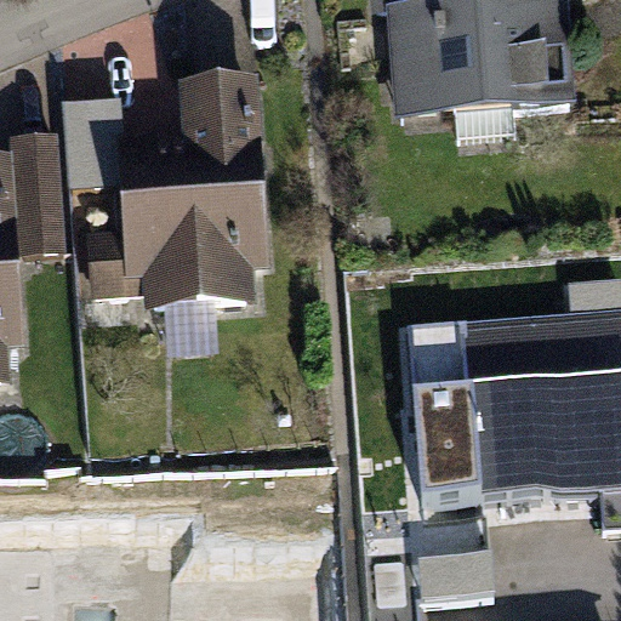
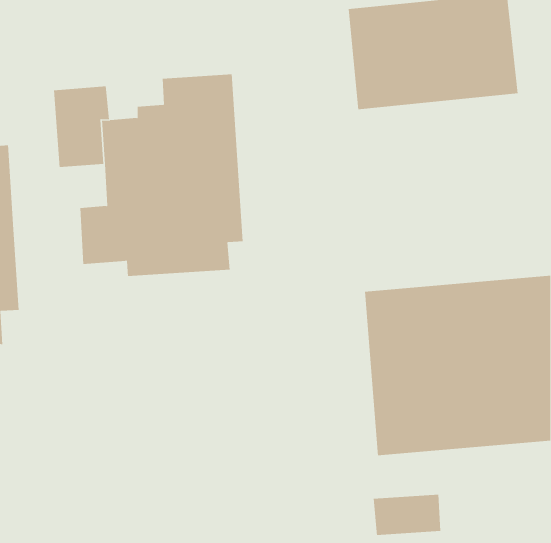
building: [7,132,65,256] -> none

